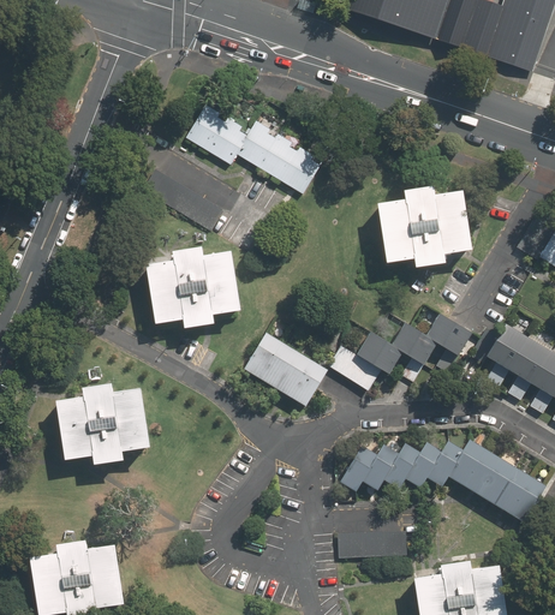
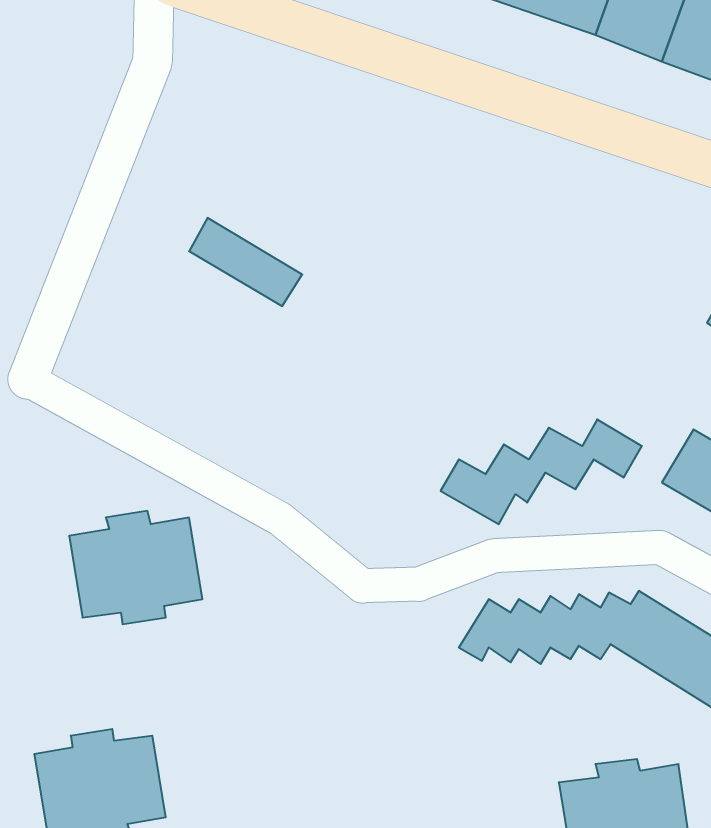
building: [181,102,324,196] -> none
building: [377,184,472,265] -> none
building: [148,246,243,328] -> none
building: [243,332,327,406] -> none
building: [340,531,407,559] -> none

